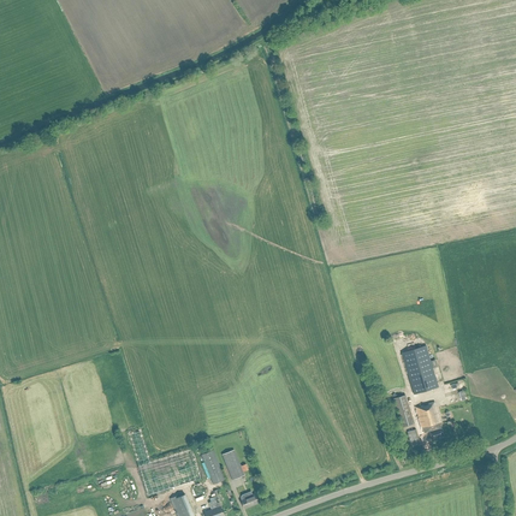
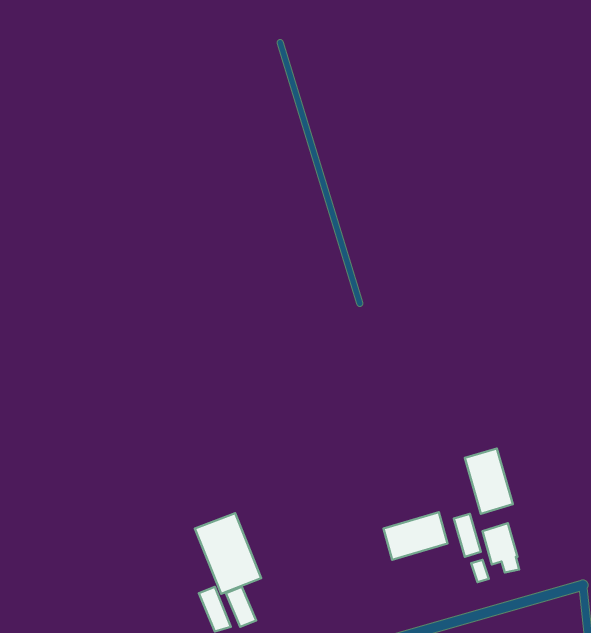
building: none -> [383,512,447,560]
building: none -> [195,513,261,594]

